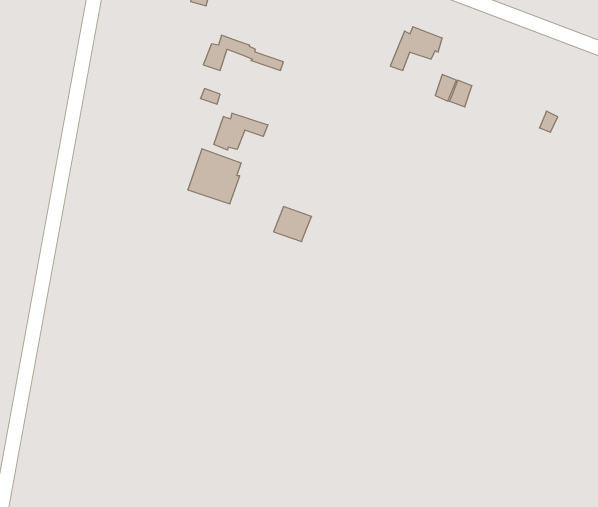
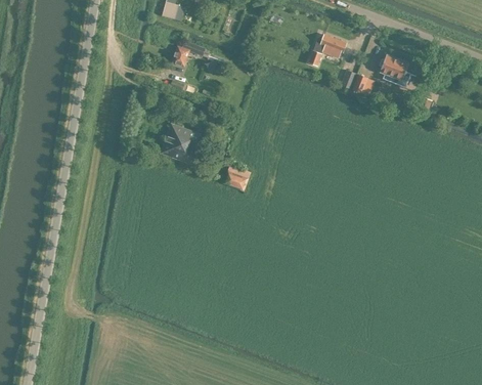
building: none -> [379,53,410,86]
building: [214,113,268,150] -> none

